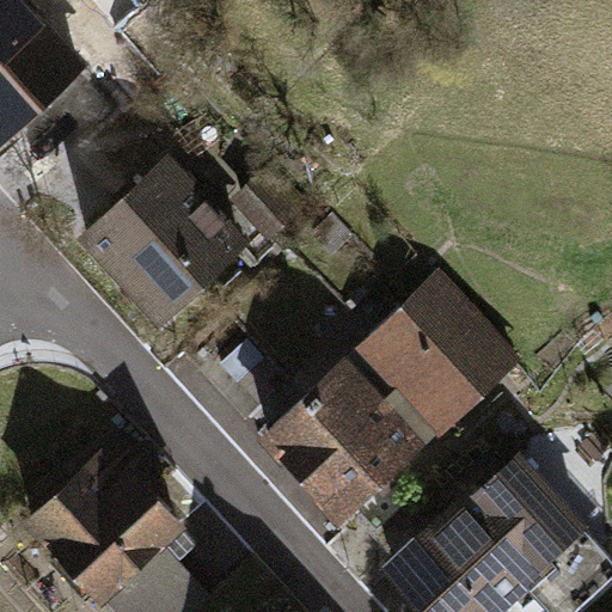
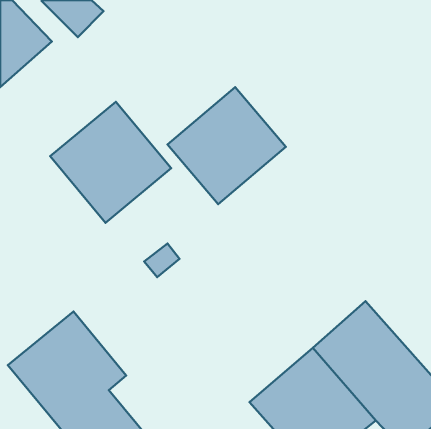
building: none -> [167,87,286,204]
building: [264,280,521,520] -> none

